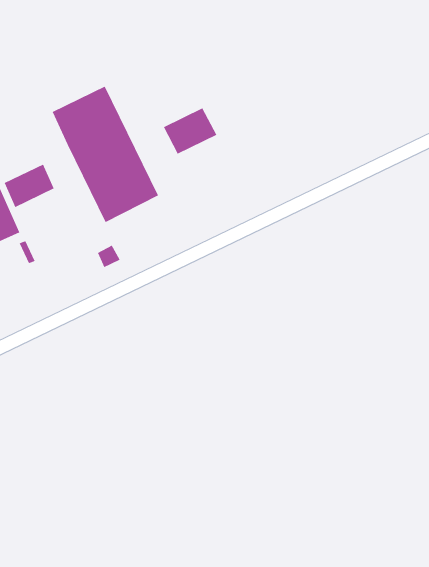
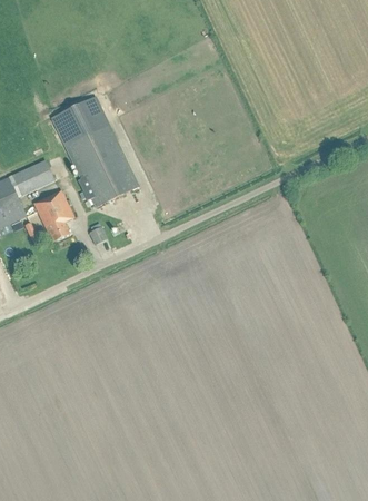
building: [163,108,217,155] -> none
building: none -> [33,189,74,243]

